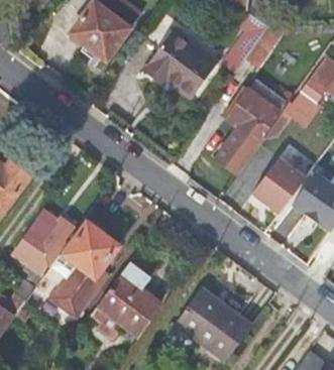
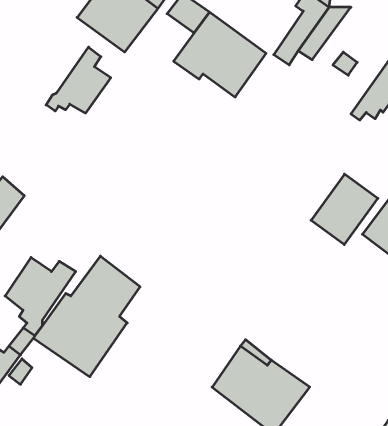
building: none -> [46,47,111,113]
building: [214,78,284,174] -> none
building: [92,262,158,338] -> none

